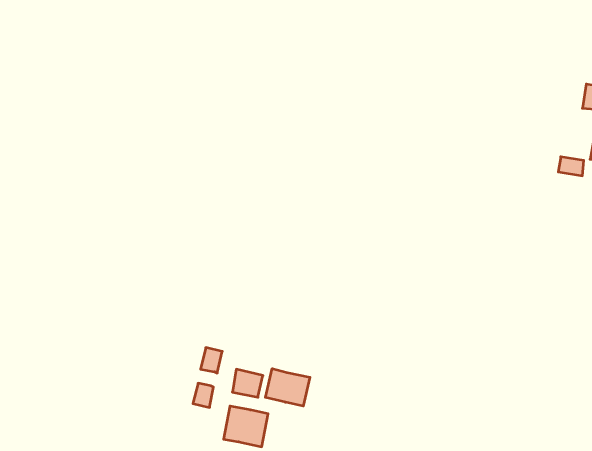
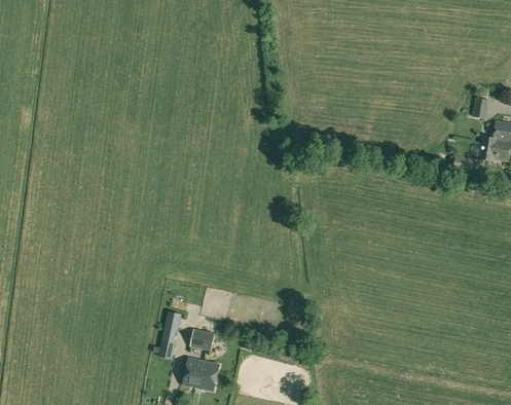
building: [265,369,310,406] -> none

